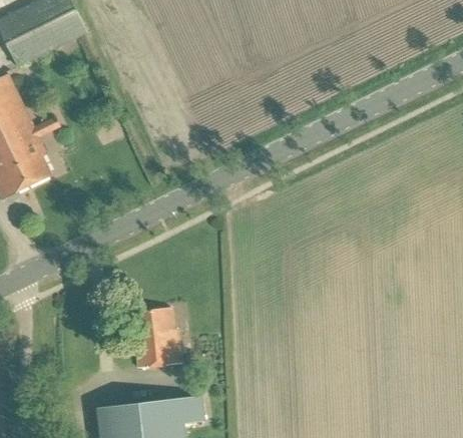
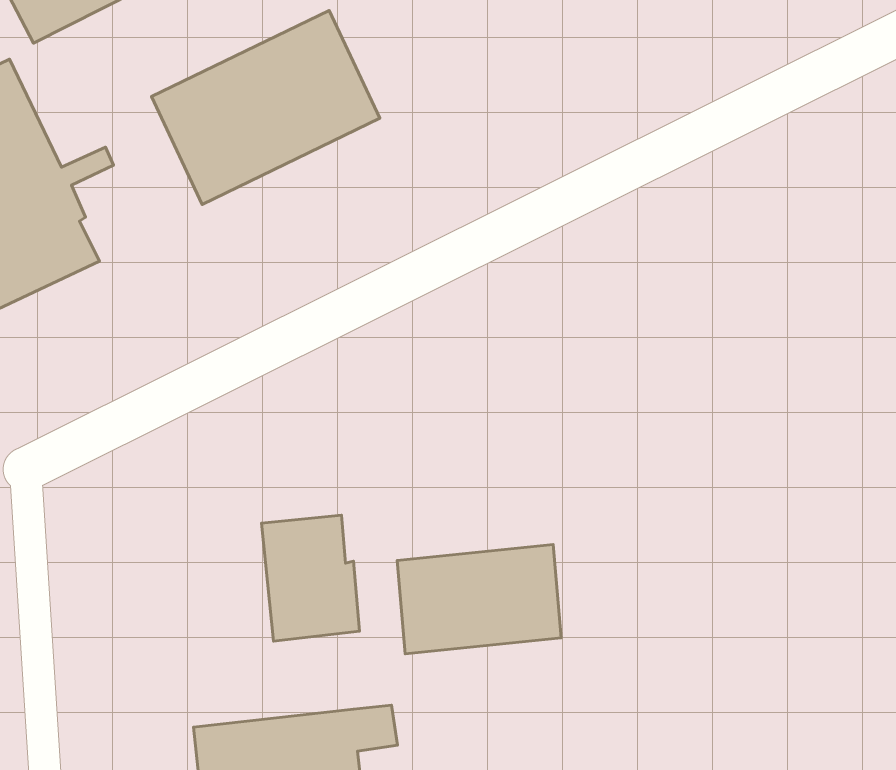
building: none -> [151,10,380,204]
building: none -> [397,545,561,654]

